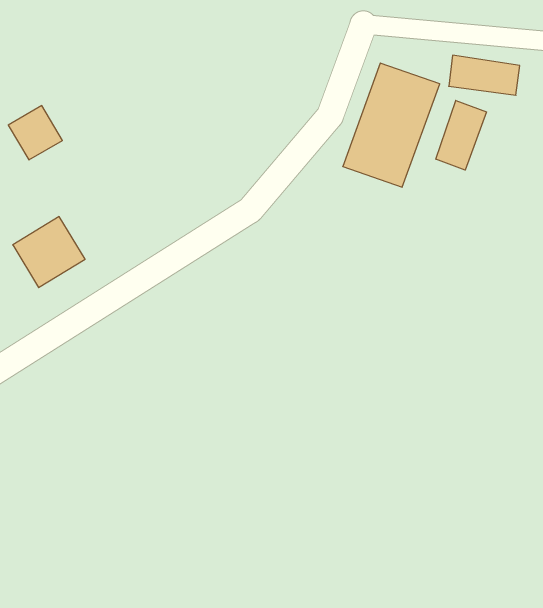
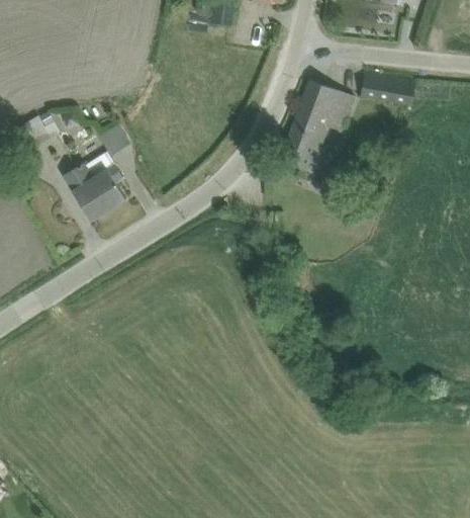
building: [436,100,486,170] -> none
building: [13,217,85,288] -> [66,162,122,218]

